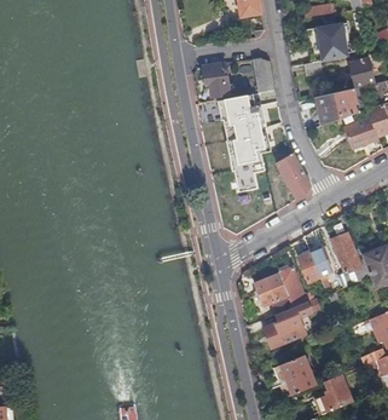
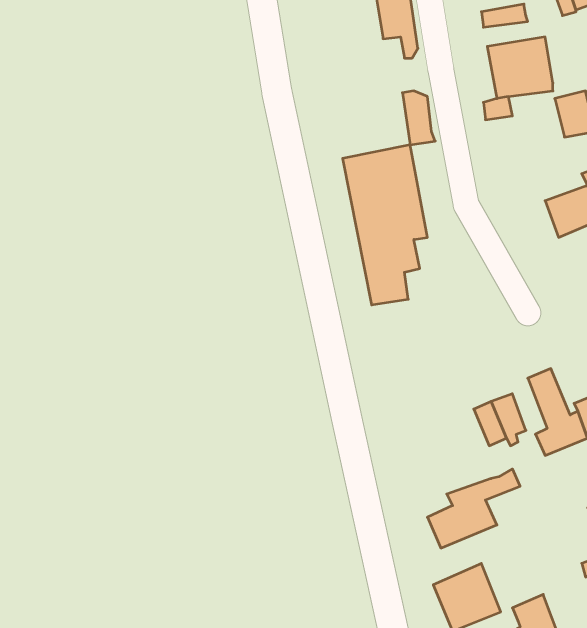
building: [203,63,233,97] -> none
building: [319,88,359,125] -> none
building: [274,150,311,199] -> none
building: [255,266,309,315] -> none

